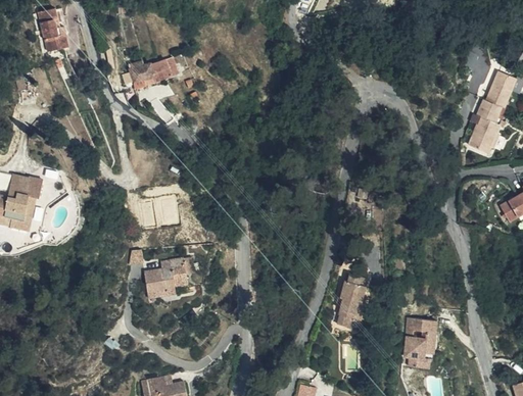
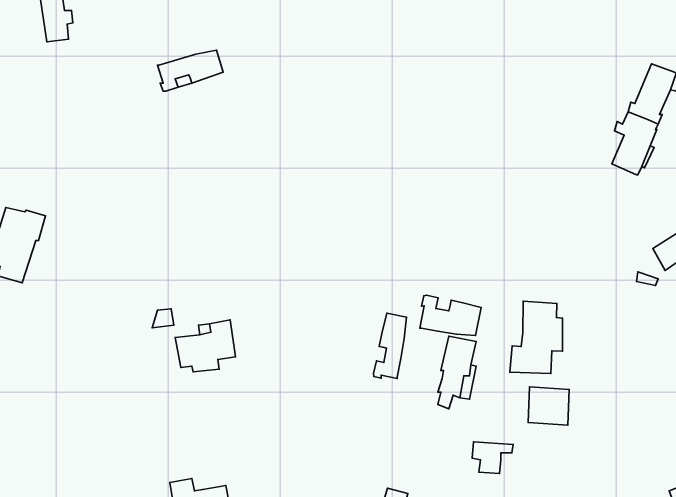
building: none -> [420,295,481,335]
building: none -> [510,301,563,374]
building: none -> [374,313,407,378]
building: [406,336,436,359] -> [472,442,513,473]

